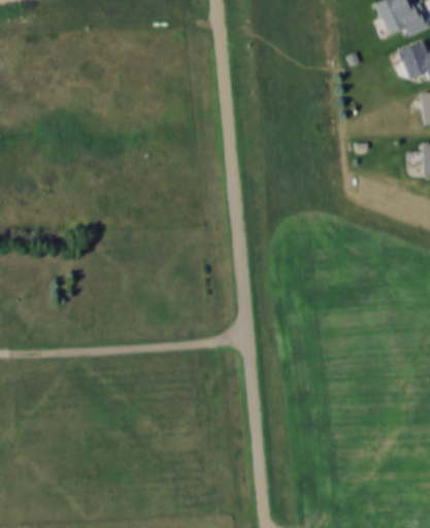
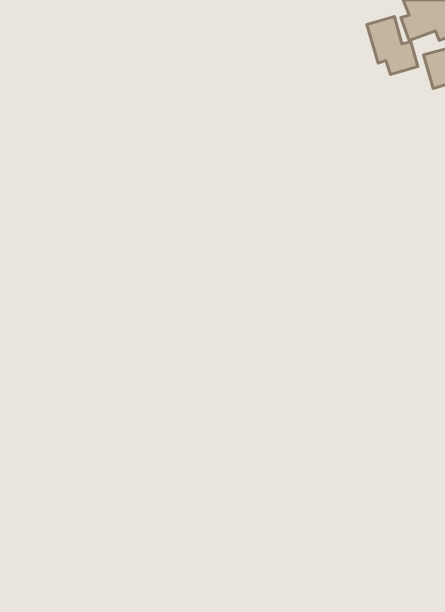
building: none -> [367,17,418,74]

